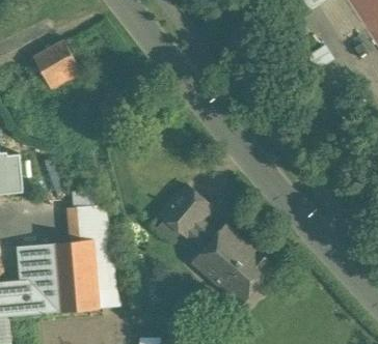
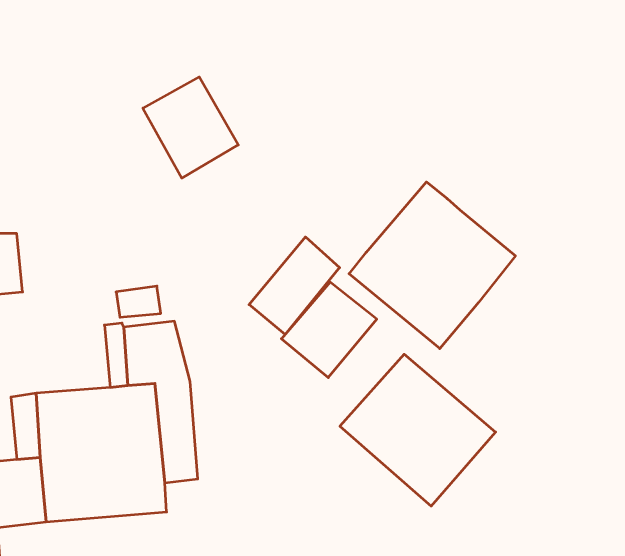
building: [31,39,82,93] -> [143,77,238,178]
building: none -> [349,182,515,349]
building: none -> [249,237,340,335]

